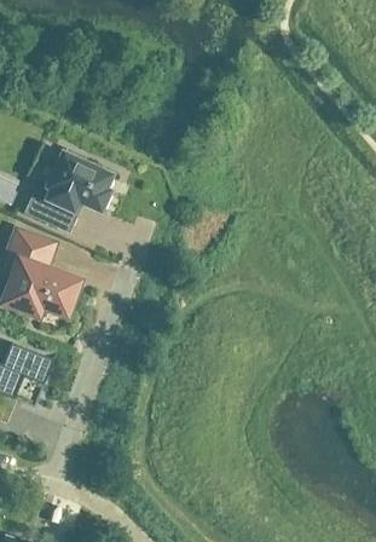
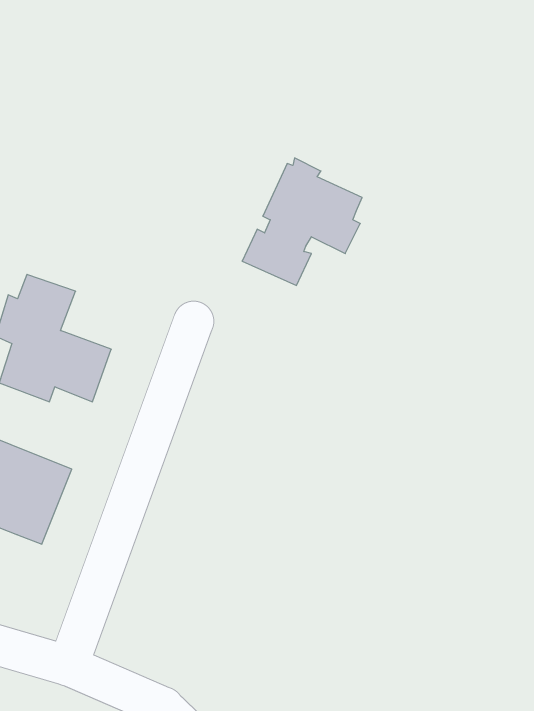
building: [33,149,110,231] -> [242,158,362,285]

